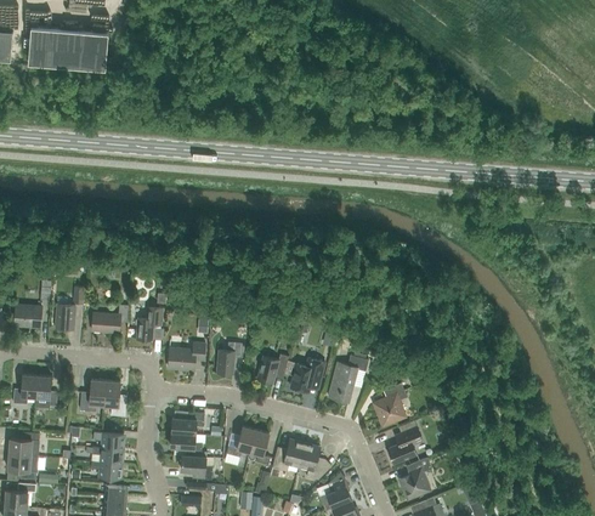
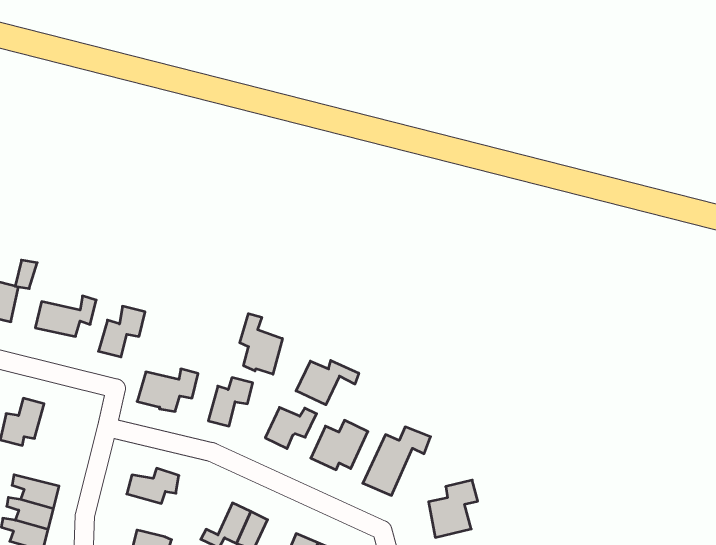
building: none -> [240,314,282,374]
building: none -> [296,360,359,405]
building: [103,380,126,415] -> none
building: [170,431,203,455] -> none

